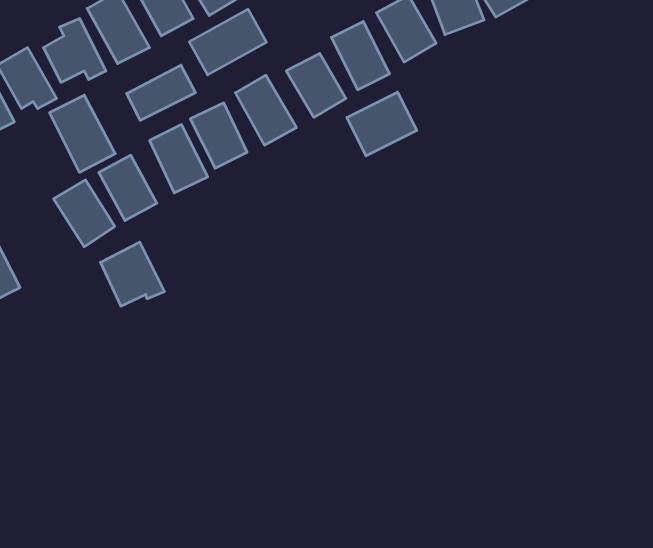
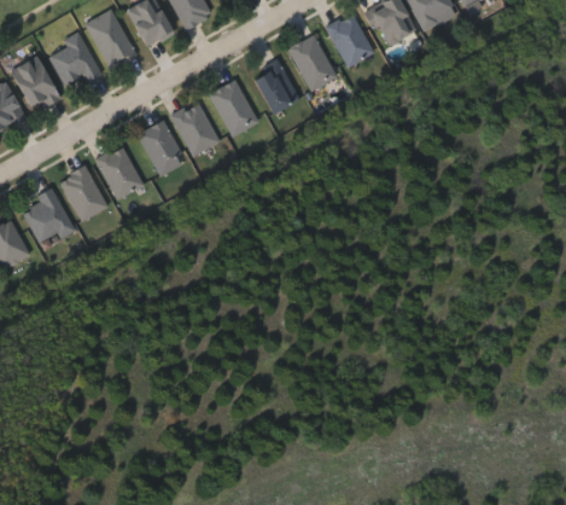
building: [189,9,266,75] -> none
building: [127,65,195,120] -> none
building: [347,92,417,156] -> none
building: [50,95,115,172] -> none
building: [100,242,164,306] -> [21,190,74,243]

